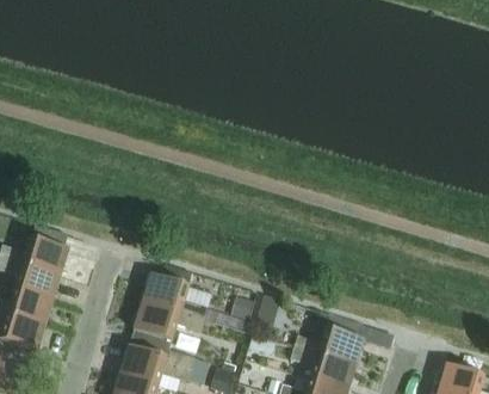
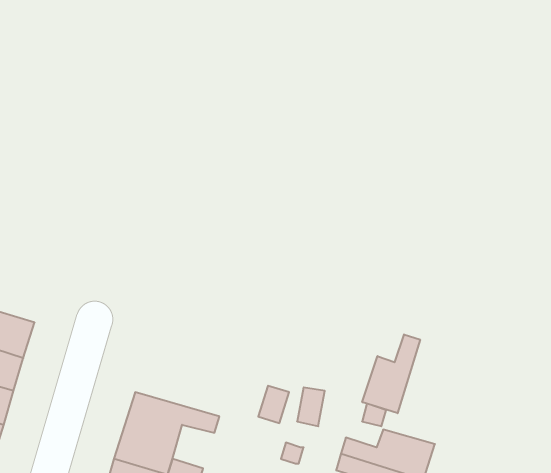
building: none -> [362,334,420,413]
building: [141,277,225,327] -> none

